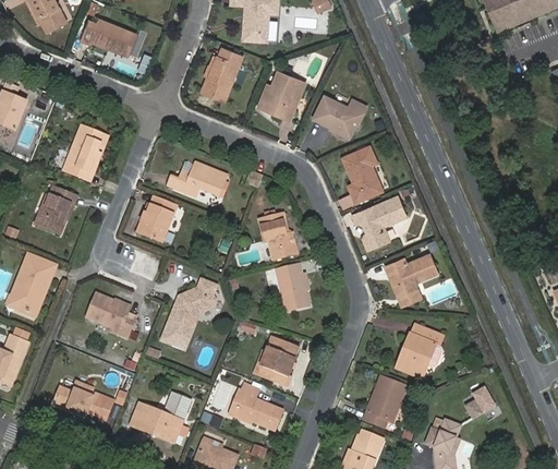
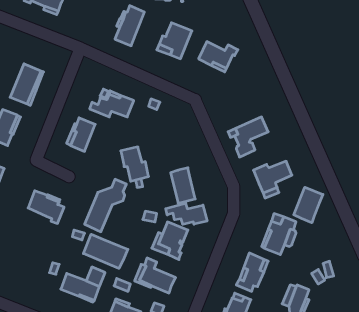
building: [342,144,380,201] -> none
building: [259,213,296,258] -> [121,147,149,181]
building: none -> [294,187,323,223]
building: none -> [166,203,207,224]
building: none -> [83,234,128,268]
building: [53,382,111,419] -> none

